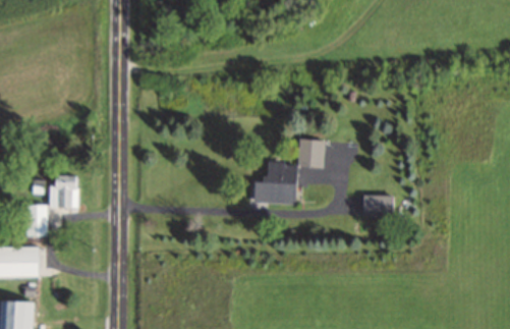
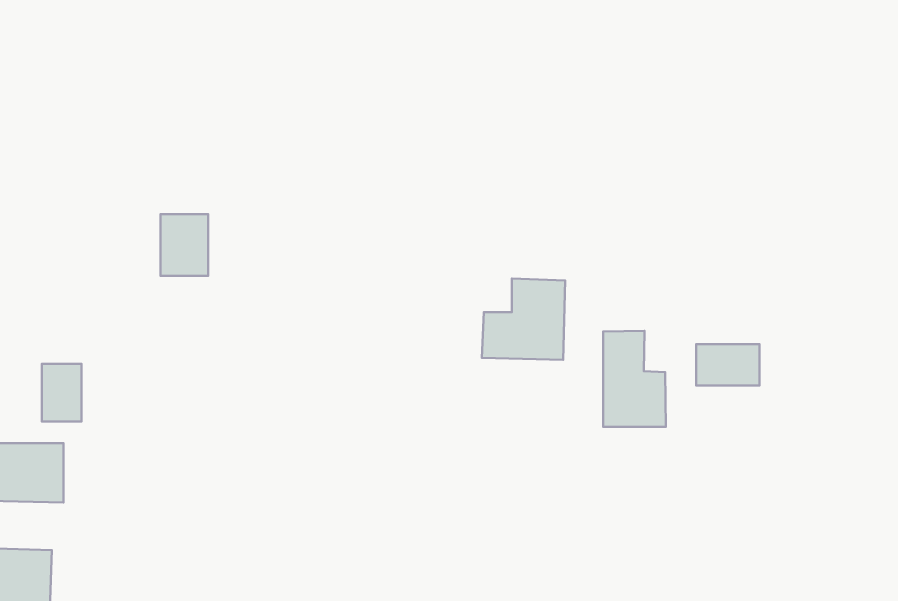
building: [300,139,324,166] -> none
building: [52,175,76,207] -> [161,214,208,276]
building: none -> [603,331,666,427]

